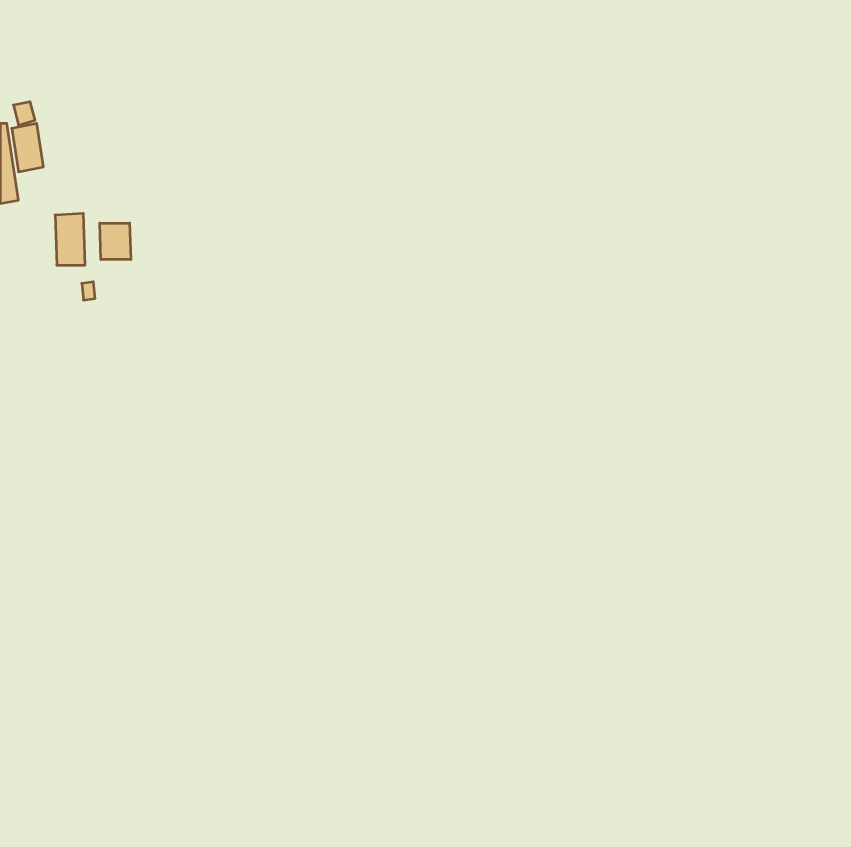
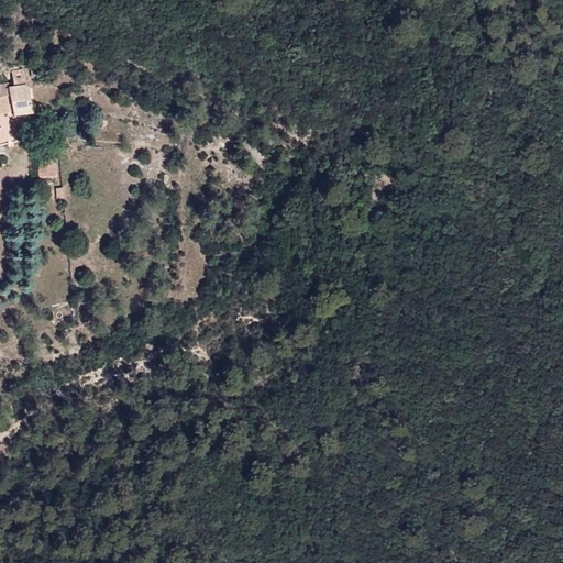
building: [100,223,131,260] -> none

